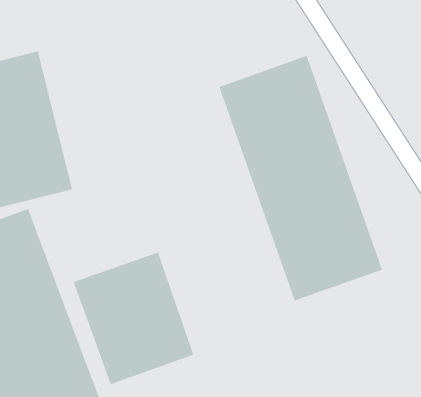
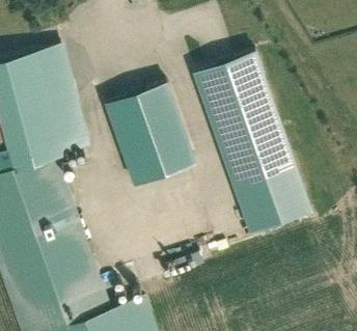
building: [73,252,194,385] -> [108,85,196,182]

